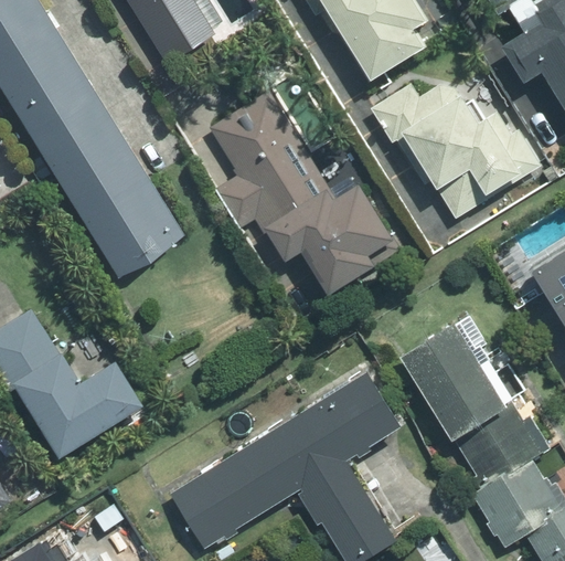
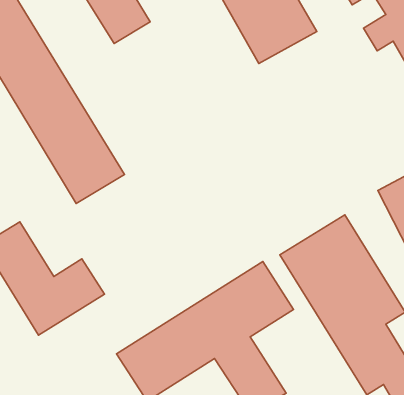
building: [380,55,530,201] -> none
building: [205,89,420,321] -> none

